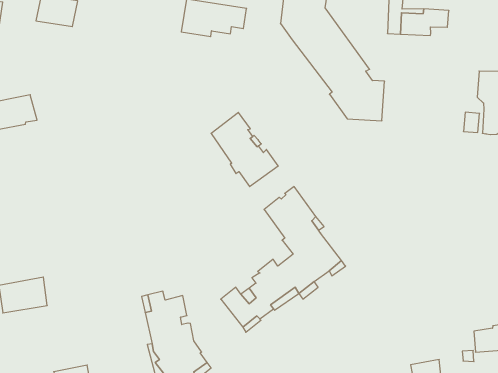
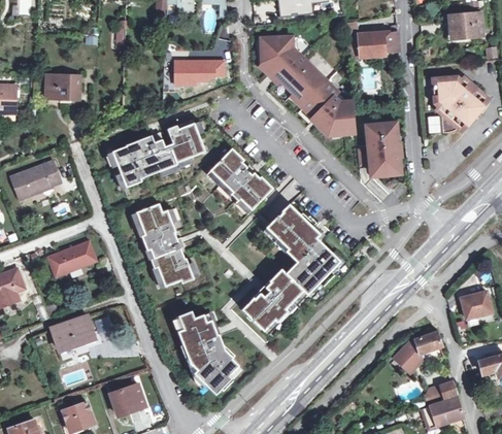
building: none -> [112,122,205,187]
building: none -> [357,121,403,176]
building: none -> [136,203,194,286]
building: none -> [49,241,95,276]

